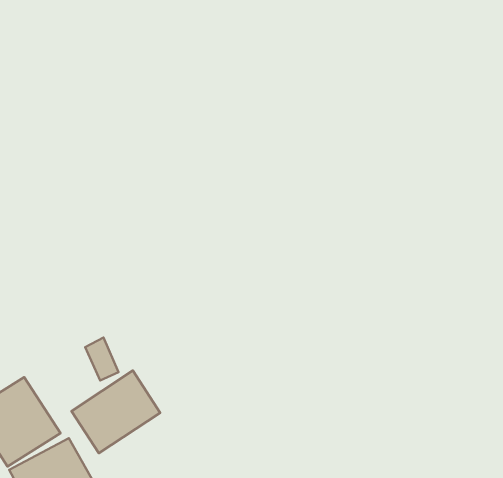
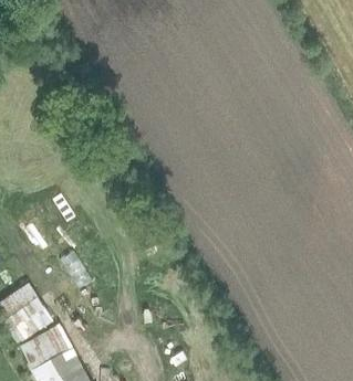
building: [71,370,160,453] -> none

